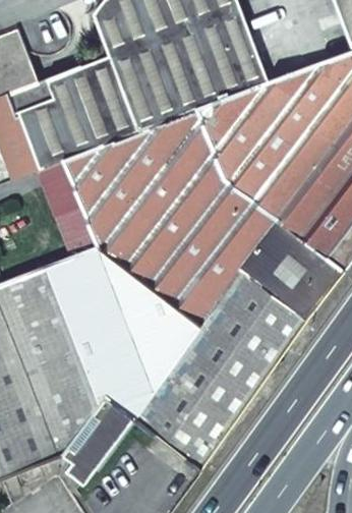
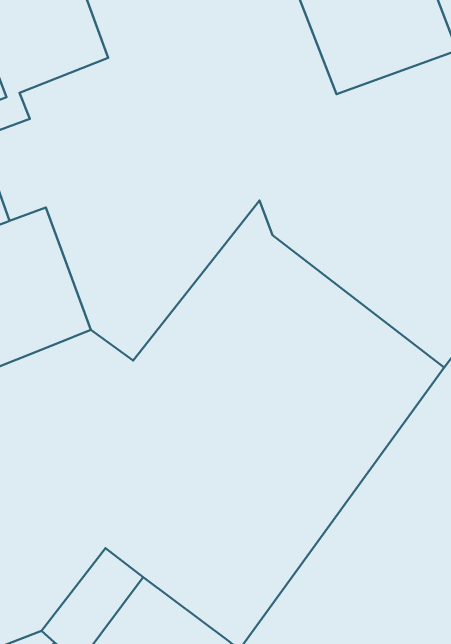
building: [35,157,94,252] -> none

